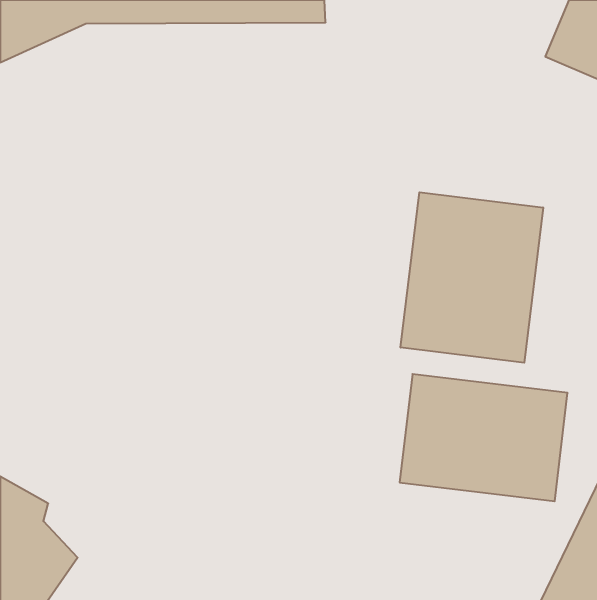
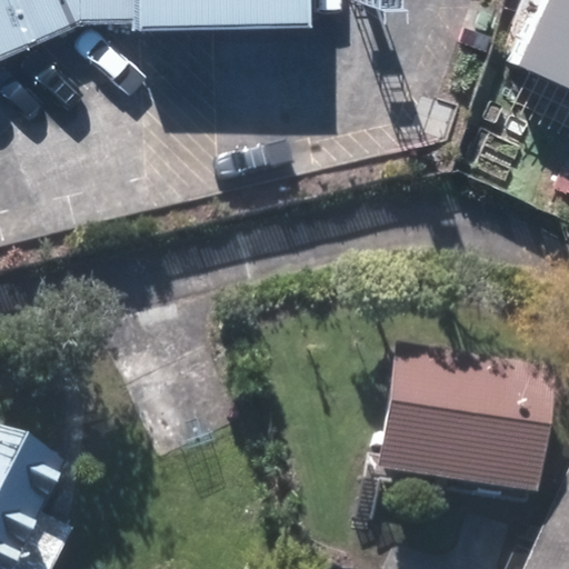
building: [401,192,543,363] -> none

